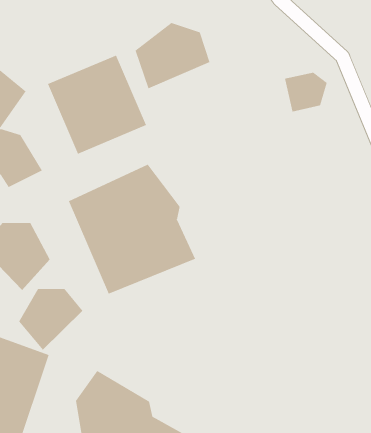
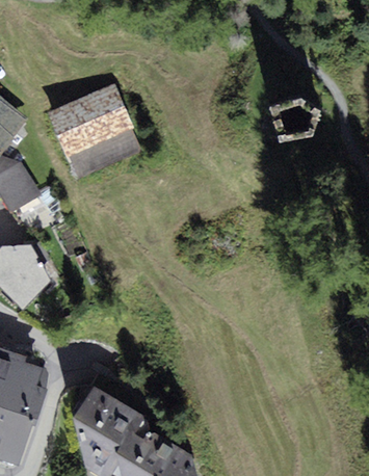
building: [135,22,210,89] -> none
building: [68,164,196,295] -> none
building: [19,288,83,350] -> none

